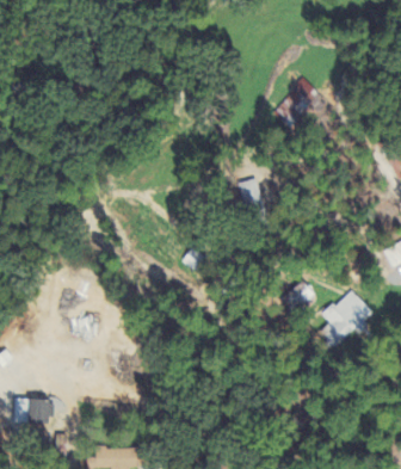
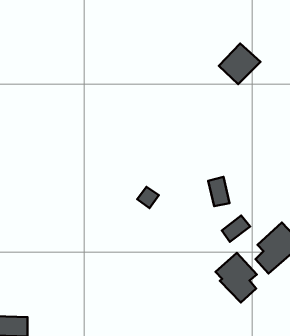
building: [239,178,264,212] -> [208,177,229,206]
building: none -> [216,253,257,302]

